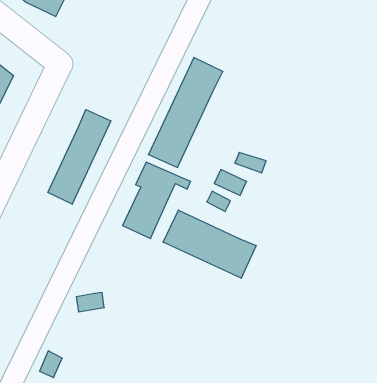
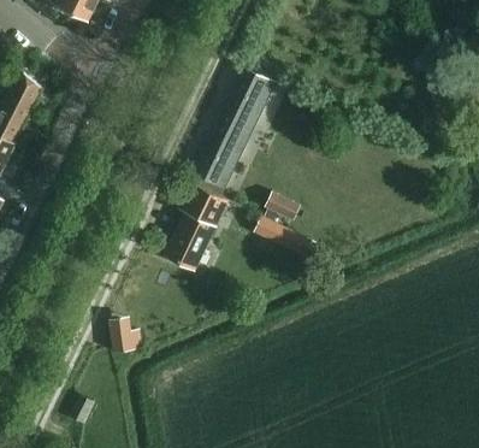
building: [48,110,111,204] -> none
building: [163,210,256,278] -> none

